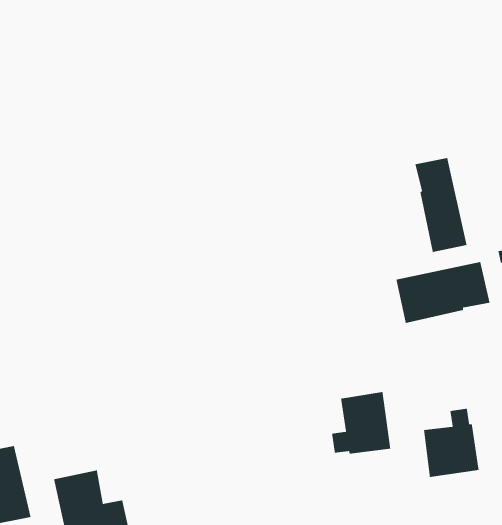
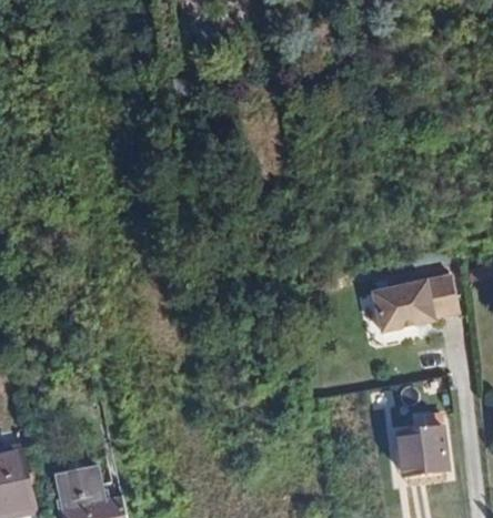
building: [415,157,467,253] -> none
building: [331,391,391,454] -> none

